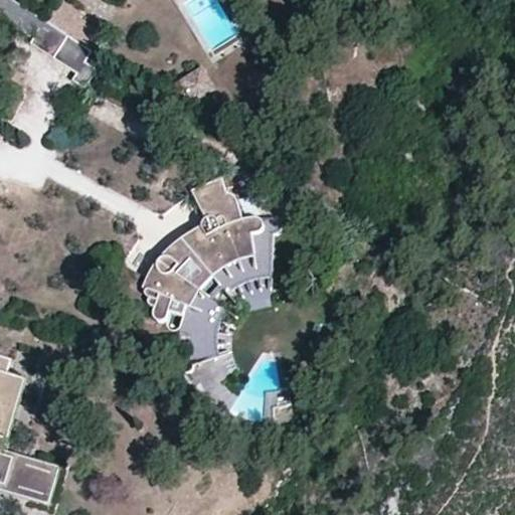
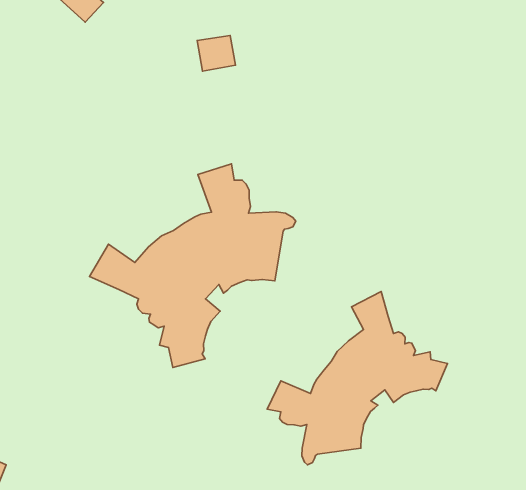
building: none -> [267,291,447,465]

